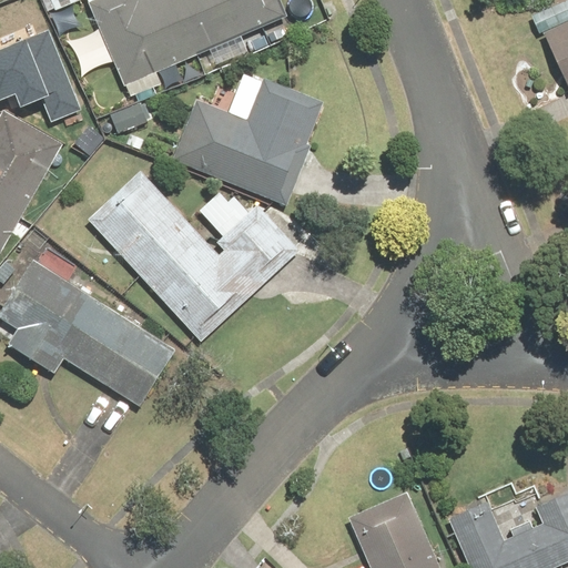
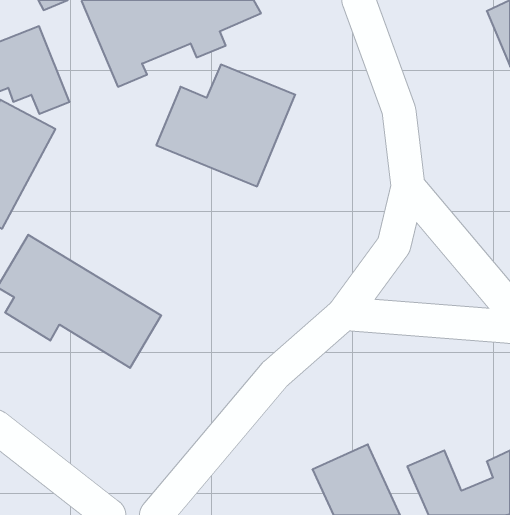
building: [87,168,301,342] -> none

